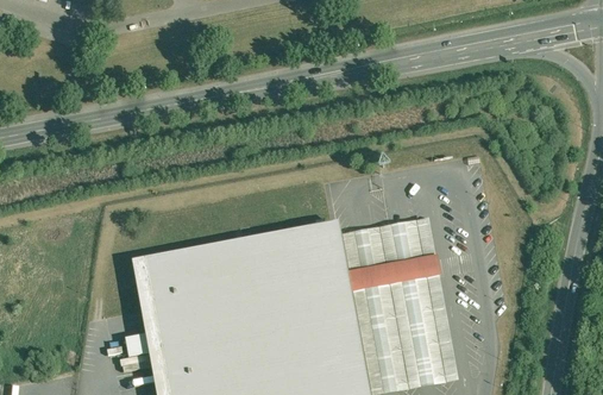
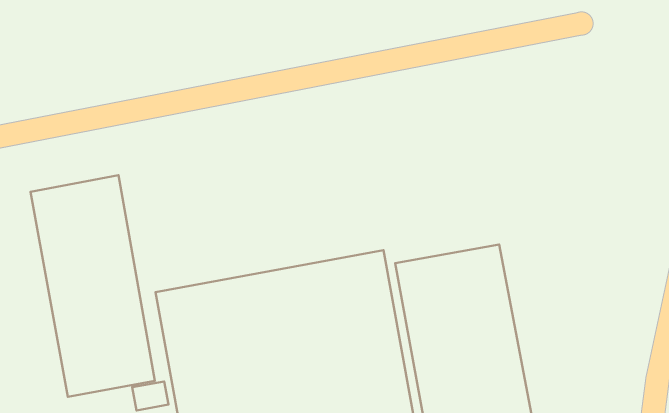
building: none -> [30,175,155,397]

